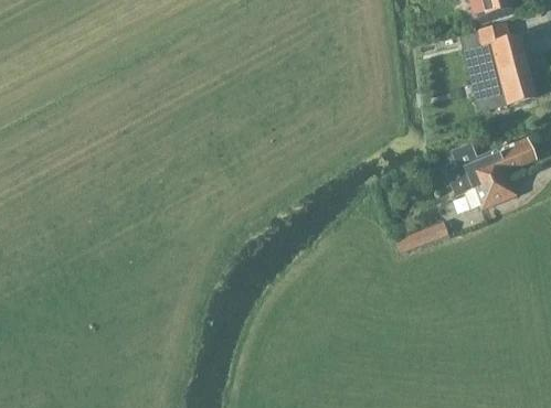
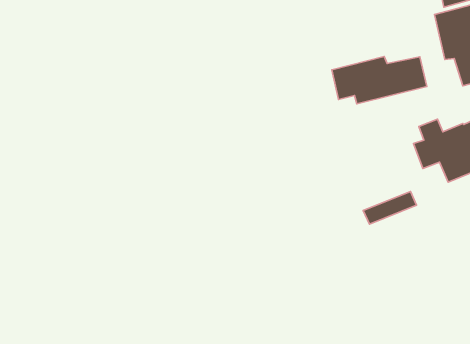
building: none -> [332,56,427,104]

